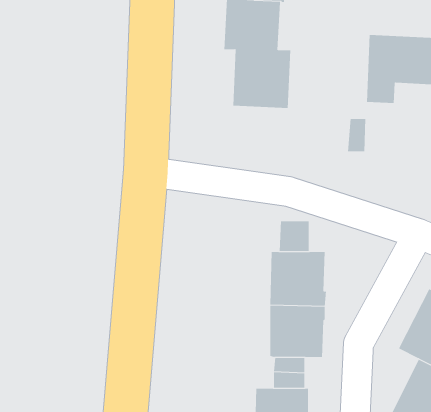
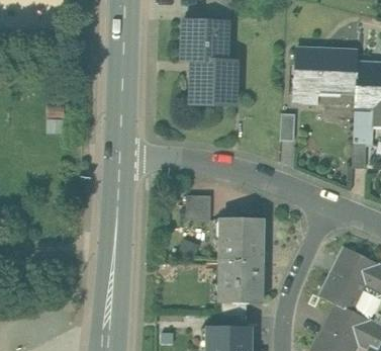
building: [279,221,309,251] -> [185,195,209,220]

